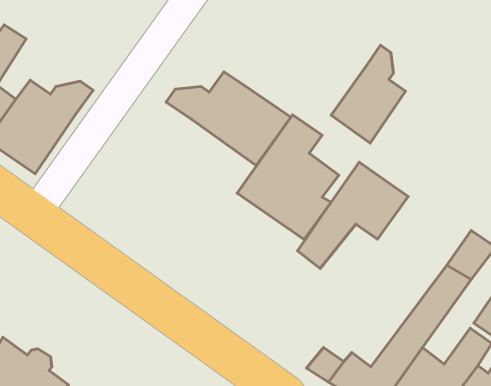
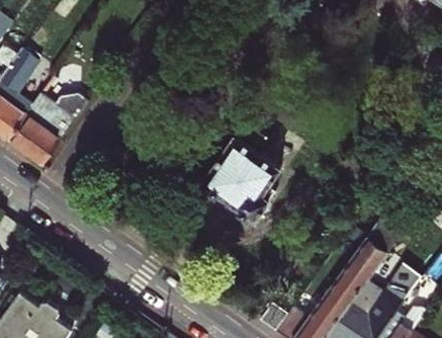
building: [331,45,405,143] -> none
building: [166,72,291,166] -> none
building: [298,162,408,268] -> none

